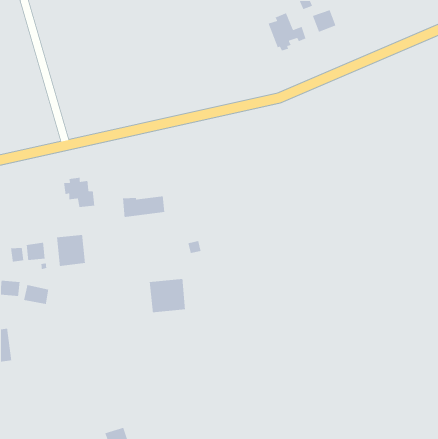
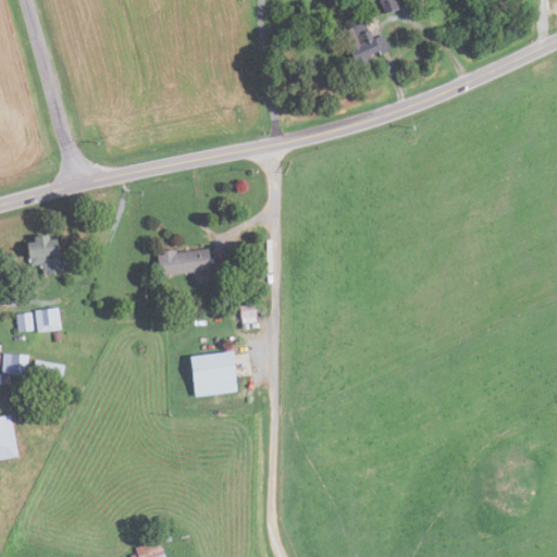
building: [312,9,336,33] -> none
building: [63,177,95,208] -> [24,235,64,274]
building: [56,234,86,267] -> none

